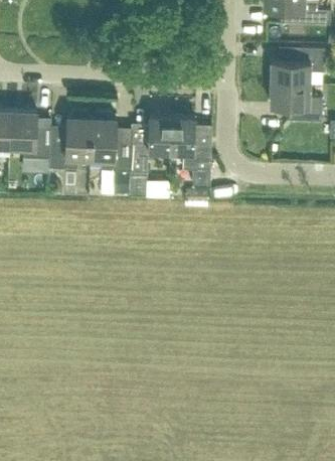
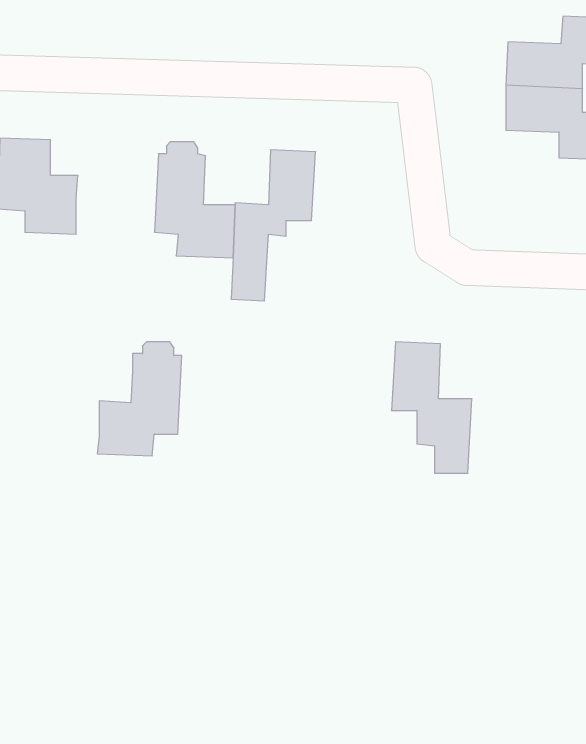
building: [48,111,92,169] -> [97,342,182,456]
building: [170,117,211,184] -> [391,342,472,473]

